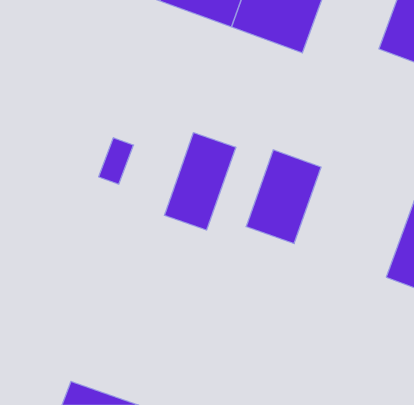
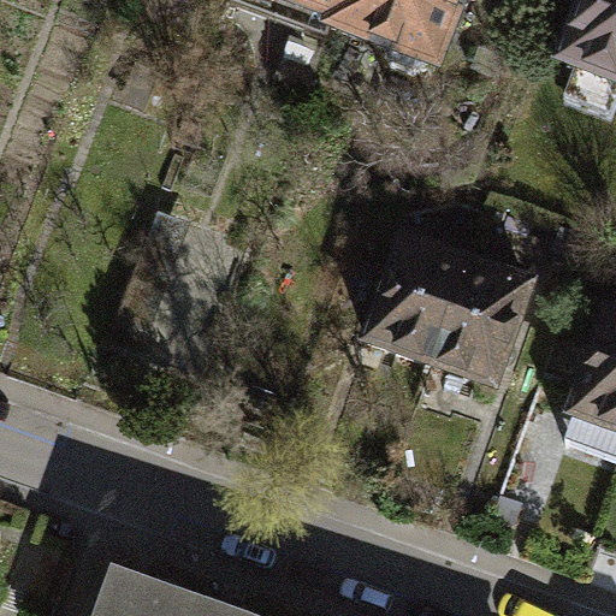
building: [164,133,236,230] -> none
building: none -> [438,247,546,385]

